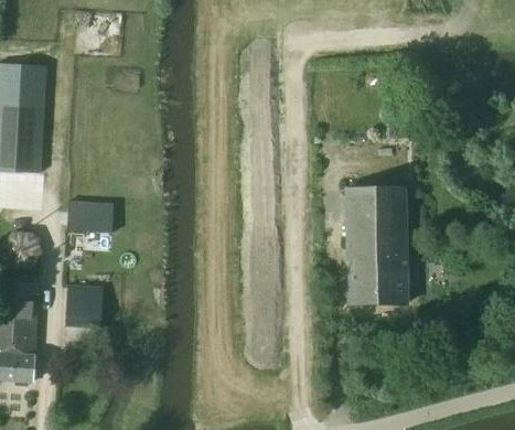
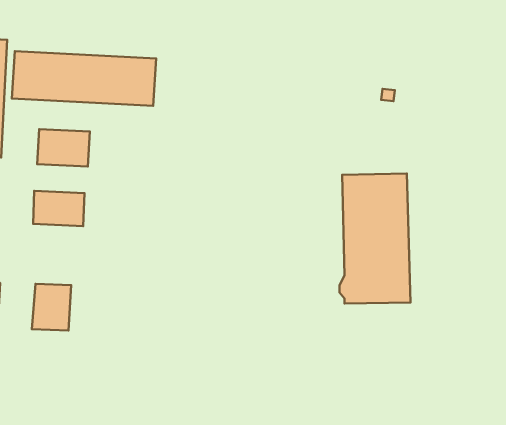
building: none -> [12,51,156,106]
building: none -> [37,129,90,167]

